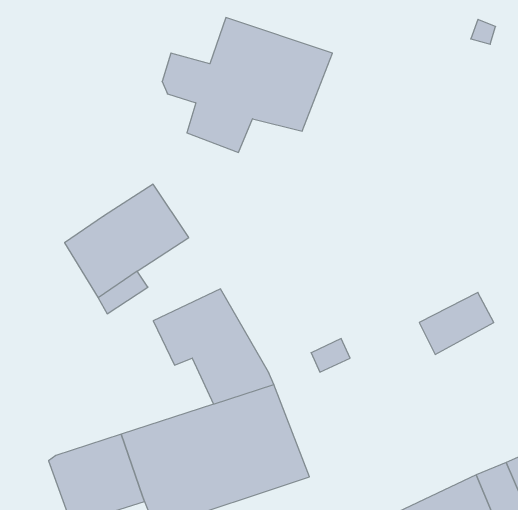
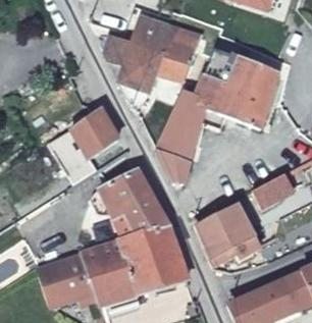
building: none -> [157,48,278,182]
building: none -> [196,205,261,267]

